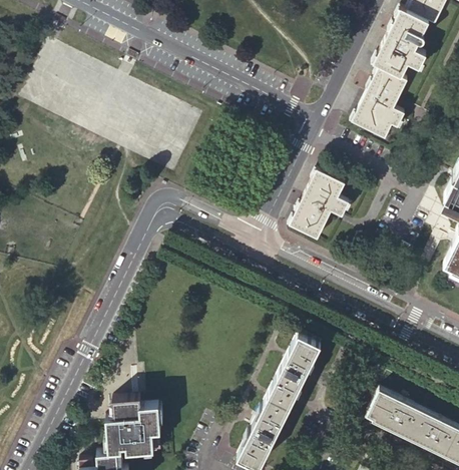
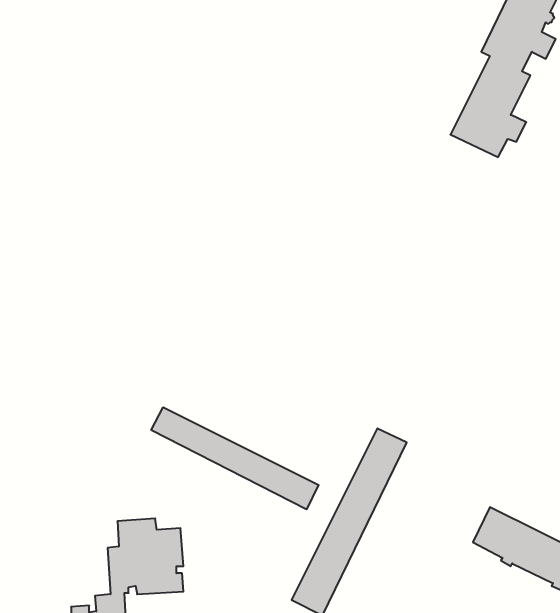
building: [289,170,349,241] -> none
building: none -> [151,407,319,509]

